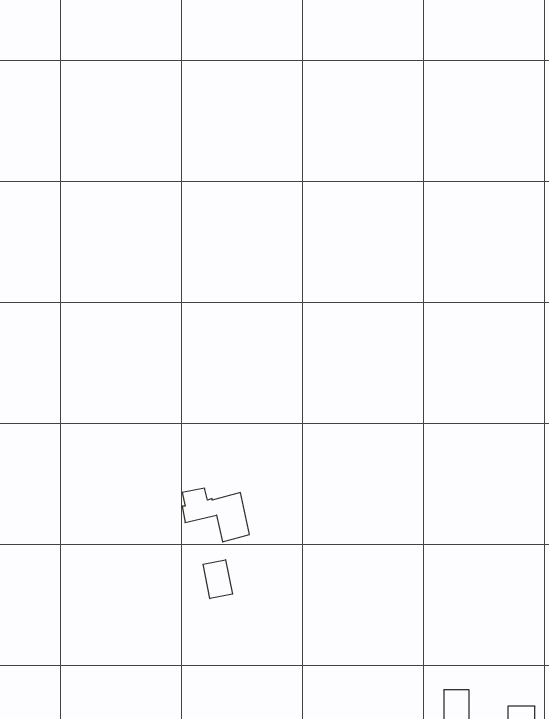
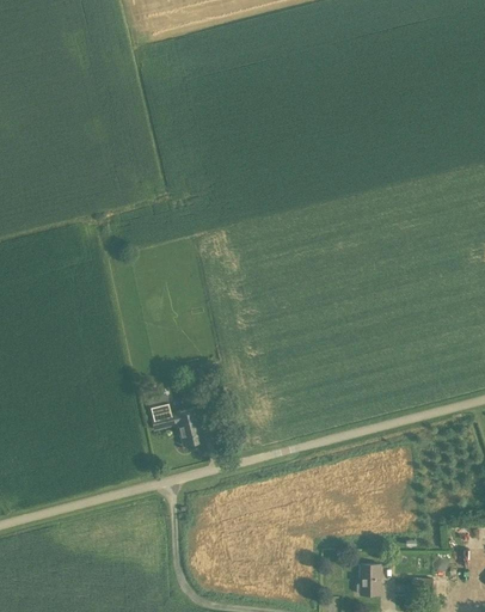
building: [203,560,233,599] -> none

